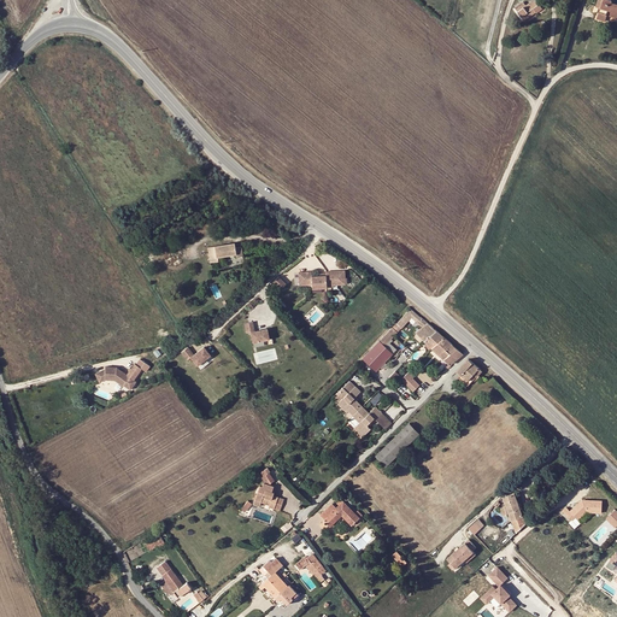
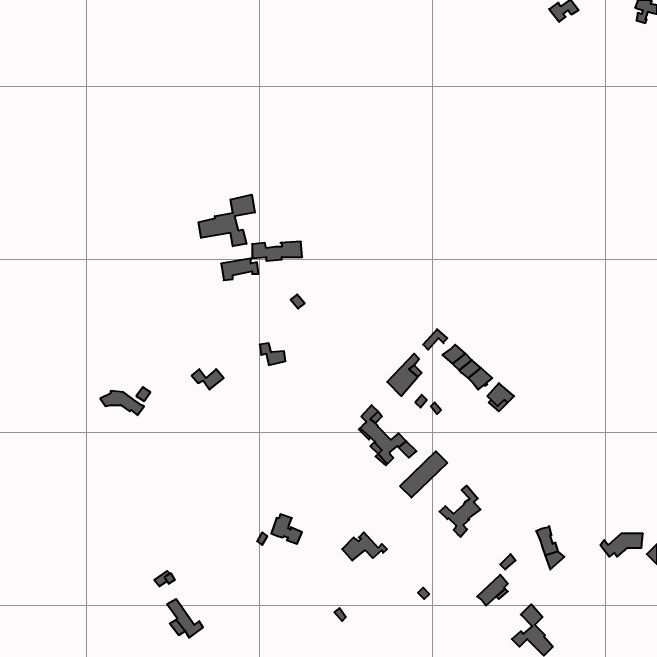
building: none -> [198,195,255,246]
building: [298,270,345,288] -> [252,242,302,261]
building: none -> [439,486,481,537]
building: [259,558,300,604] -> none

